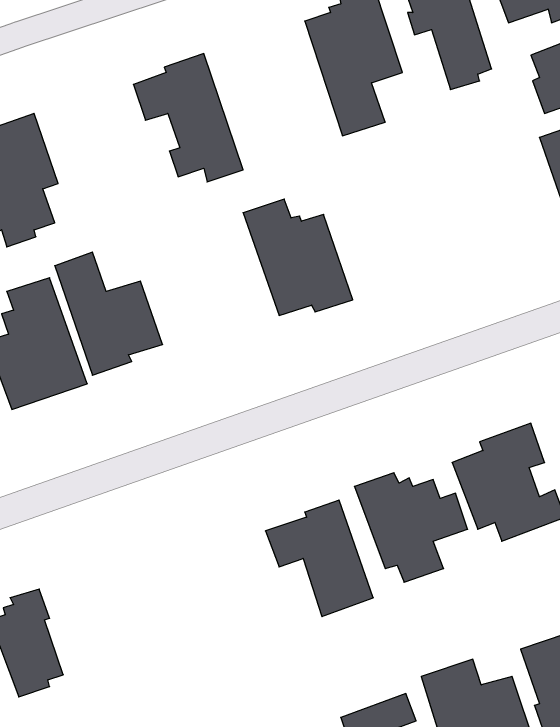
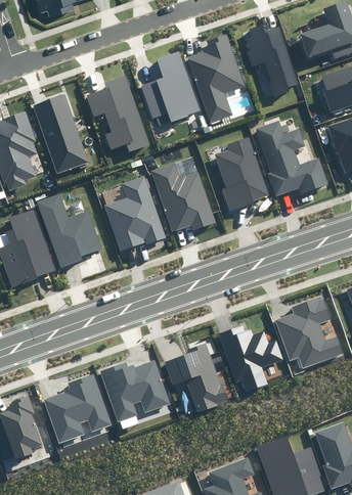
building: none -> [140,52,200,121]
building: none -> [32,95,87,174]
building: none -> [255,121,327,196]
building: none -> [214,138,267,211]
building: none -> [104,176,165,251]
building: none -> [99,361,169,423]
building: none -> [43,375,111,443]

